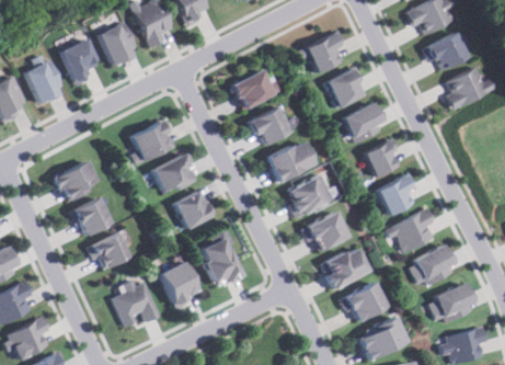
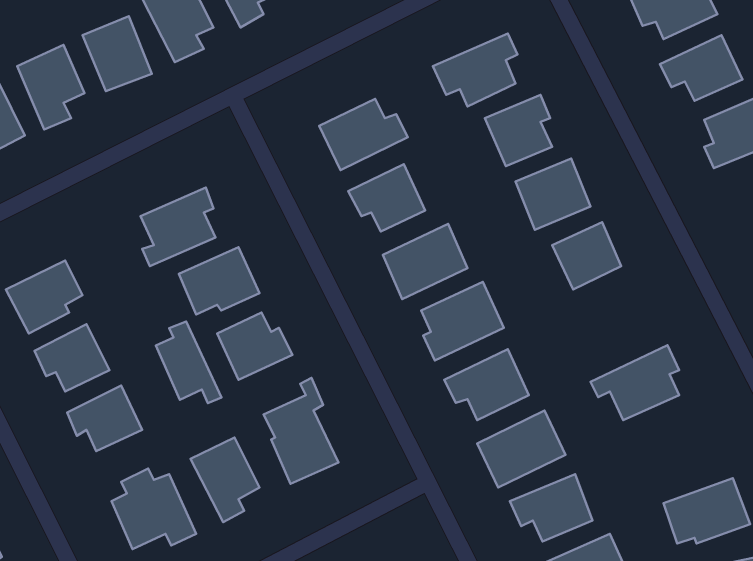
building: [378,172,417,215] -> none
building: none -> [156,321,221,403]
building: [409,244,458,288] -> none

